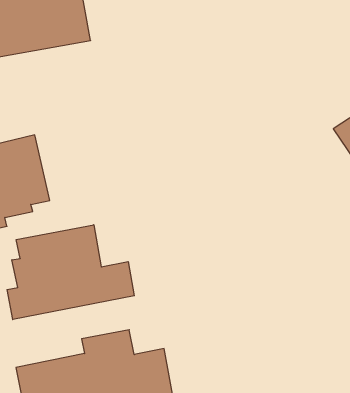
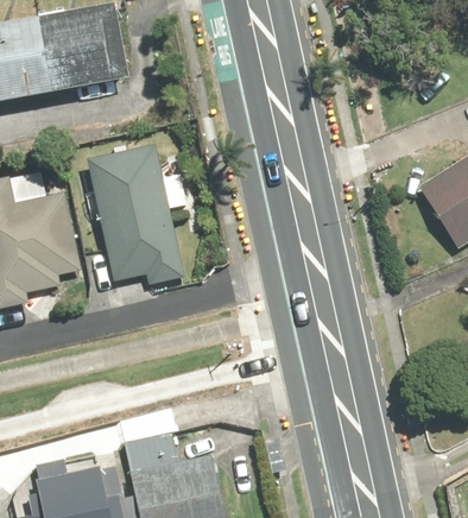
building: none -> [86,146,182,284]
building: [7,225,134,320] -> none

